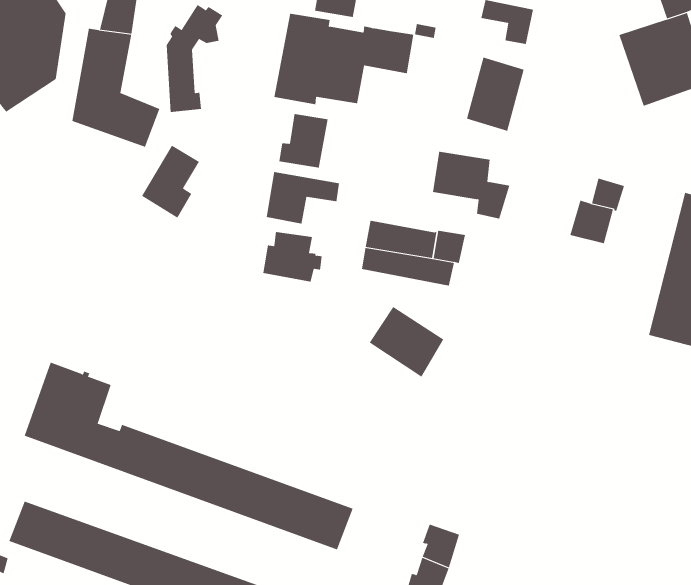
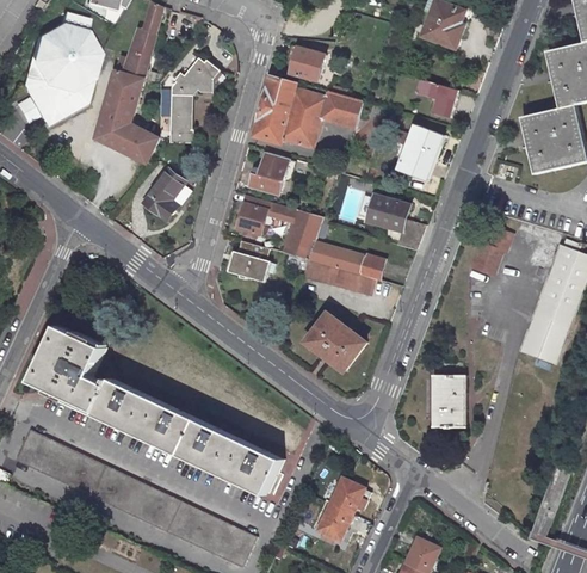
building: none -> [282,209,322,260]
building: none -> [433,375,466,427]

